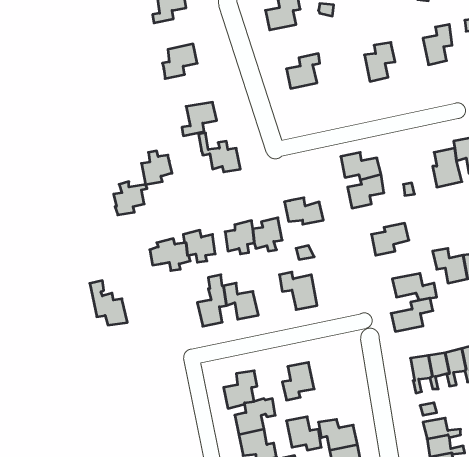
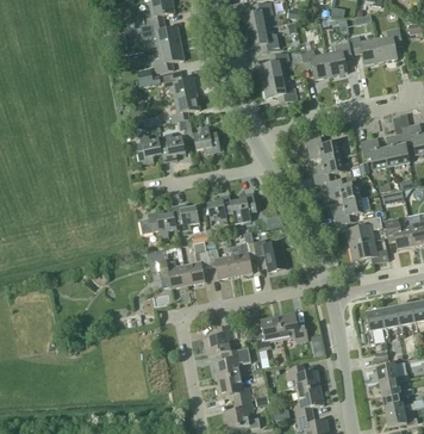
building: none -> [146,21,180,48]
building: none -> [245,26,280,52]
building: none -> [351,35,381,64]
building: none -> [301,49,331,79]
building: none -> [163,72,197,97]
building: none -> [263,76,297,103]
building: none -> [360,137,388,169]
building: [114,182,147,215] -> [160,132,188,161]
building: [284,198,323,224] -> [328,178,361,200]
building: none -> [231,241,256,275]
building: [90,281,127,325] -> [156,249,188,287]
building: [391,298,433,331] -> [347,216,382,244]
building: [286,417,321,450] -> [279,312,308,341]

